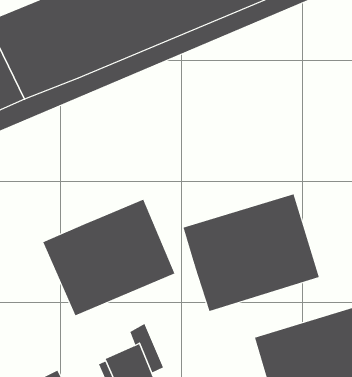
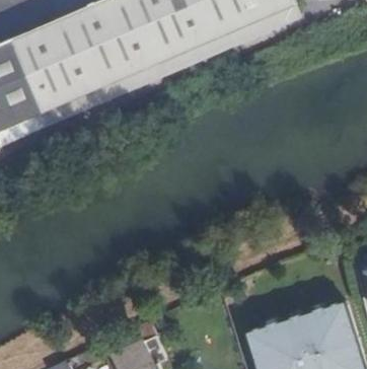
building: [183,193,320,312] -> none
building: [43,199,175,316] -> none

